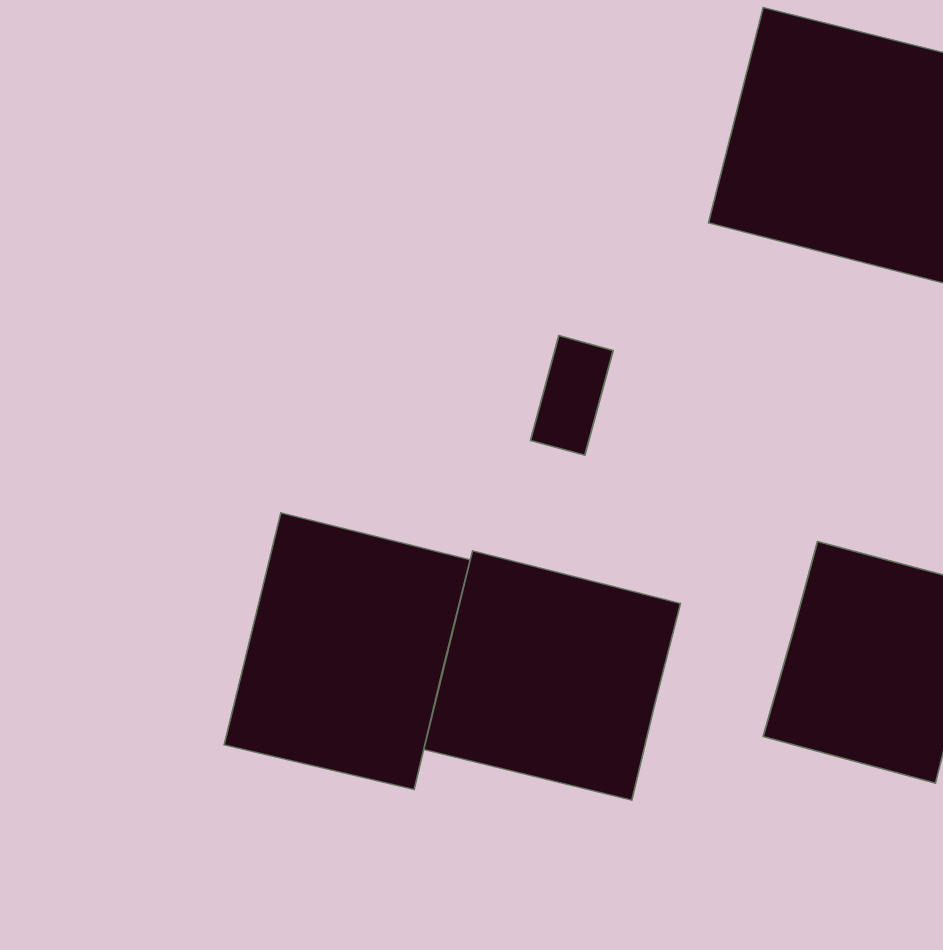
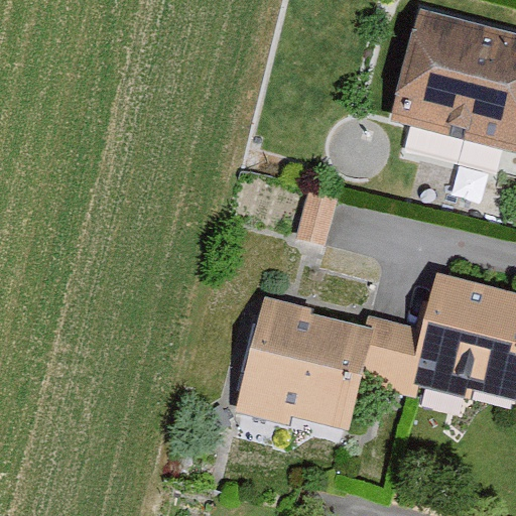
building: [224,513,470,790] -> none
building: none -> [360,325,434,396]

